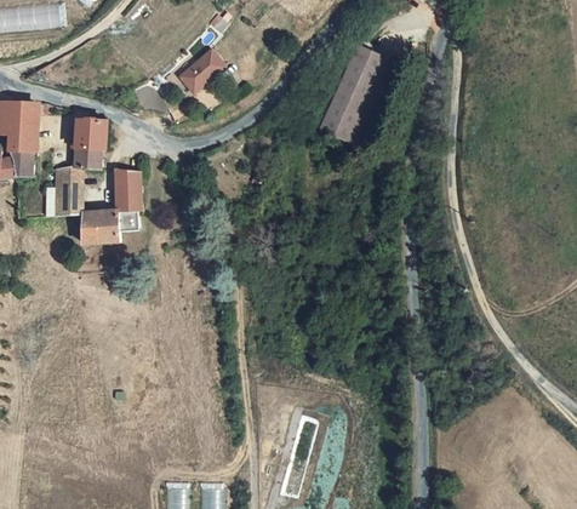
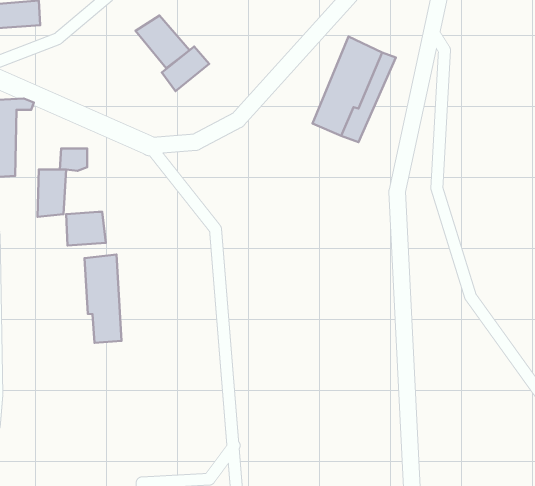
building: none -> [136,16,189,68]
building: [76,116,105,148] -> none
building: [113,170,139,210] -> none
building: none -> [84,255,122,343]

